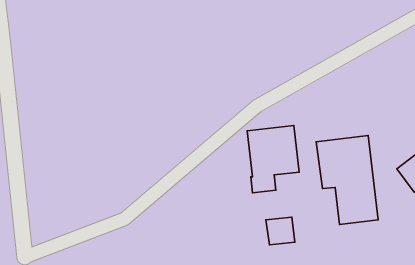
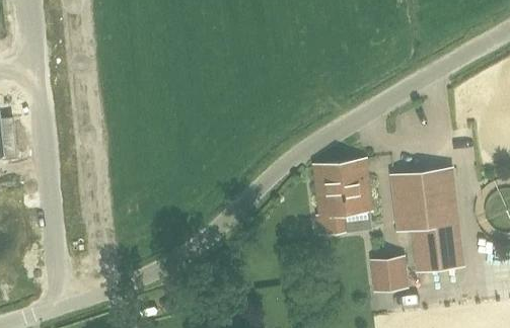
building: [266,217,295,245] -> [372,259,405,291]

